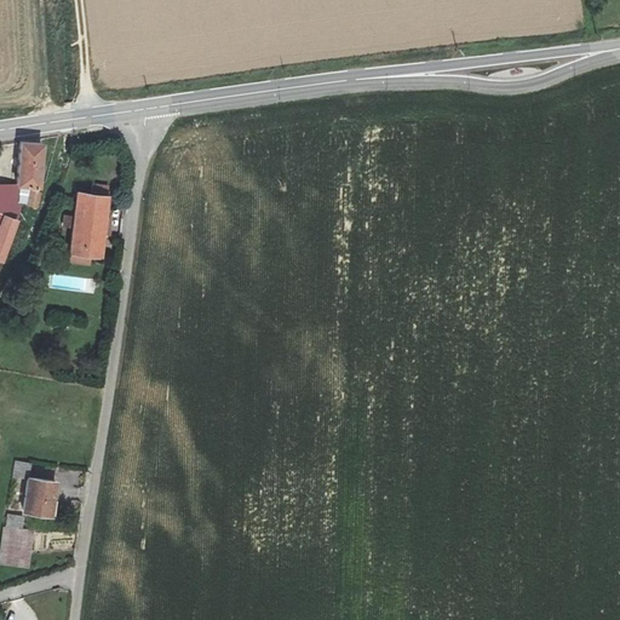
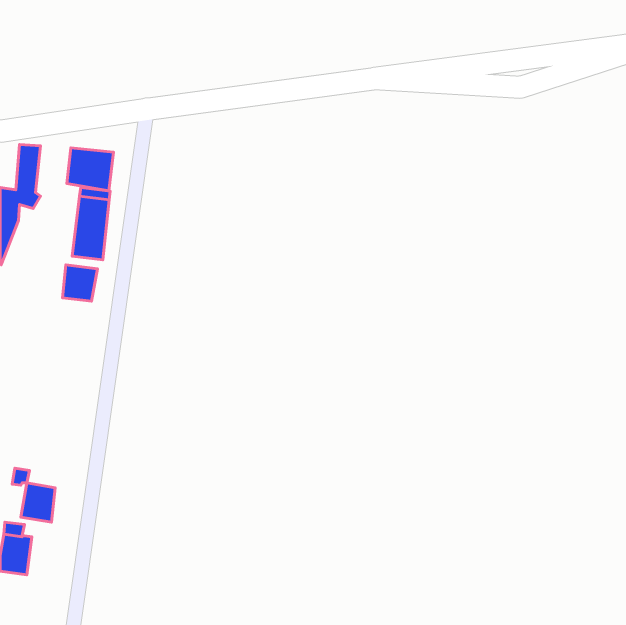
building: none -> [67,148,113,191]
building: none -> [63,265,97,301]

